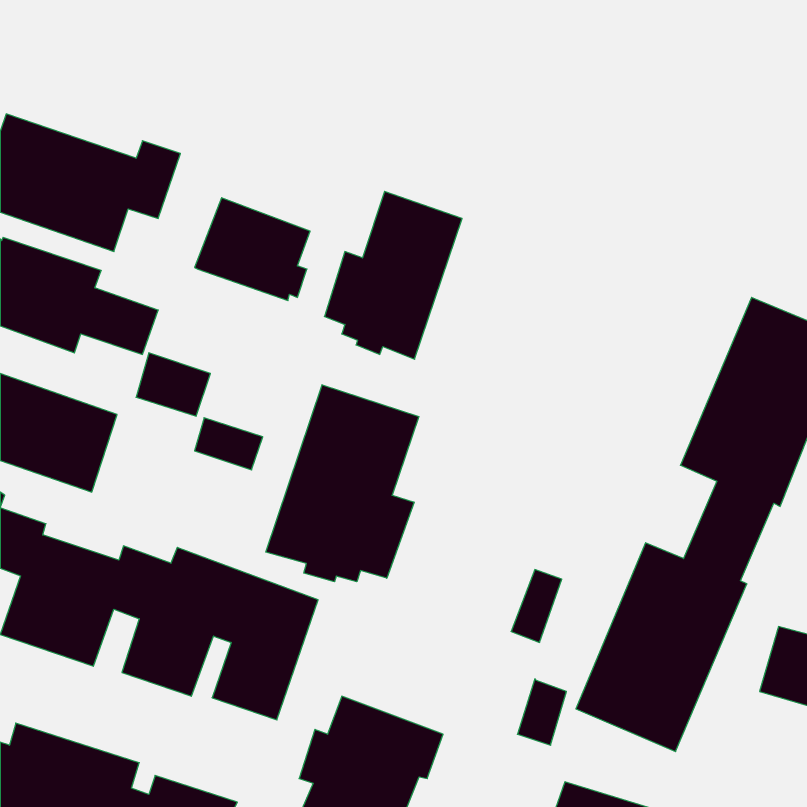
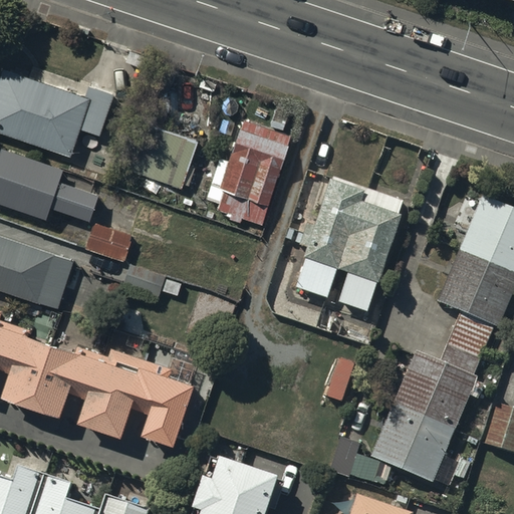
building: none -> [294,173,403,310]
building: [266,385,419,582] -> none

